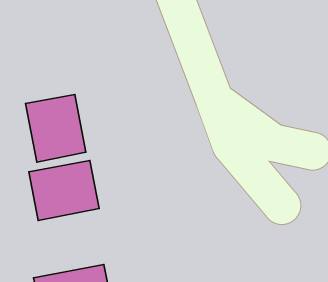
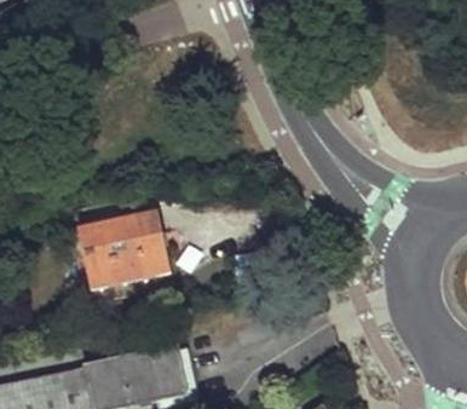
building: [25,95,86,162] -> none

